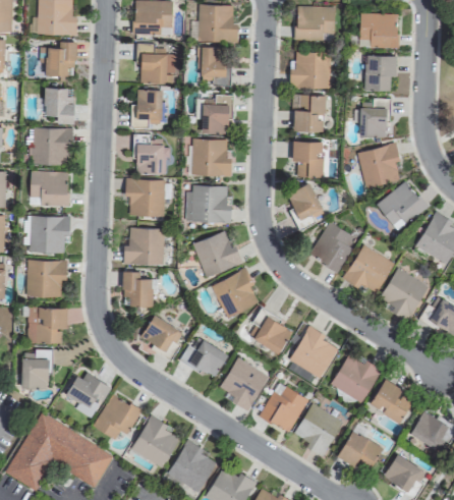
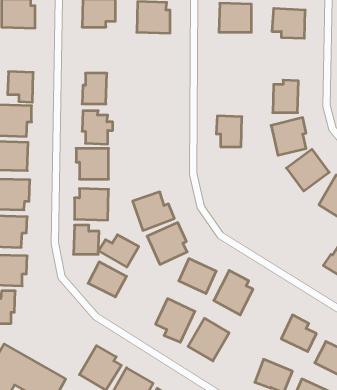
building: [41,41,76,75] -> none
building: [139,44,175,84] -> none
building: [200,46,232,86] -> none
building: [290,52,331,88] -> none
building: [365,54,397,91] -> none
building: [203,95,233,133] -> none
building: [293,95,326,131] -> none
building: [191,138,232,176] -> none
building: [286,182,325,229] -> none
building: [188,185,232,222] -> none
building: [310,222,352,272] -> none
building: [344,244,395,295] -> none
building: [378,268,429,320] -> none
building: [181,339,229,378] -> [99,235,139,267]
building: [331,353,382,403] -> none
building: [66,373,112,418] -> none
building: [94,393,143,439] -> none
building: [294,403,344,456] -> none

